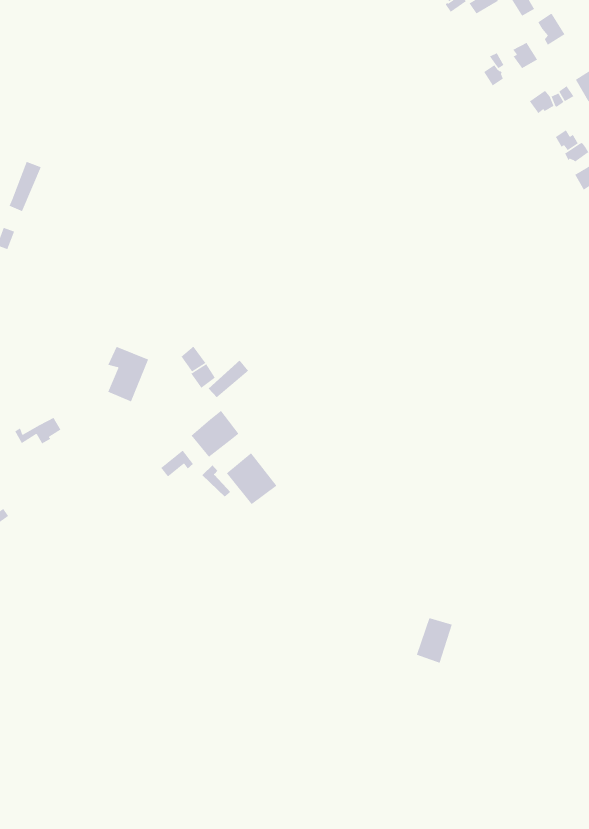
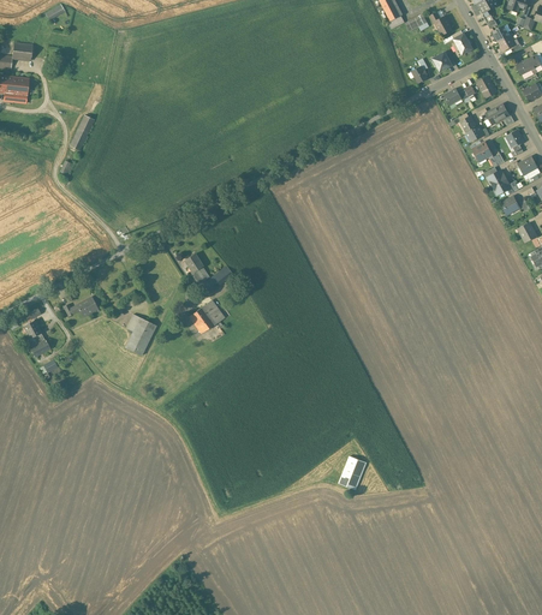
building: [107,346,149,403] -> [125,315,156,356]
building: [226,452,278,505] -> none

